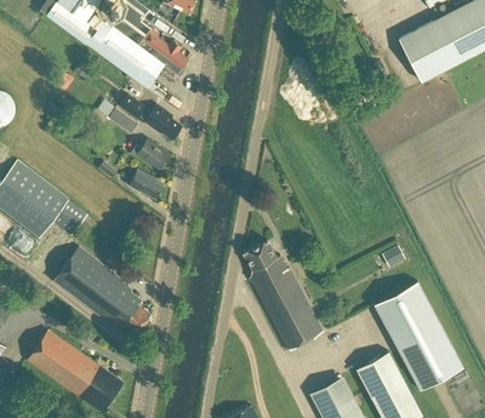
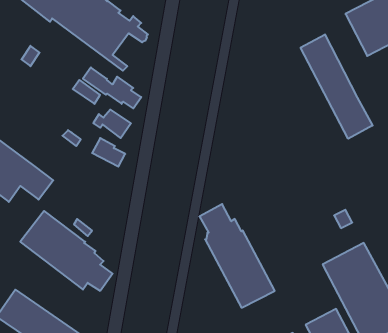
building: none -> [301,34,373,139]

